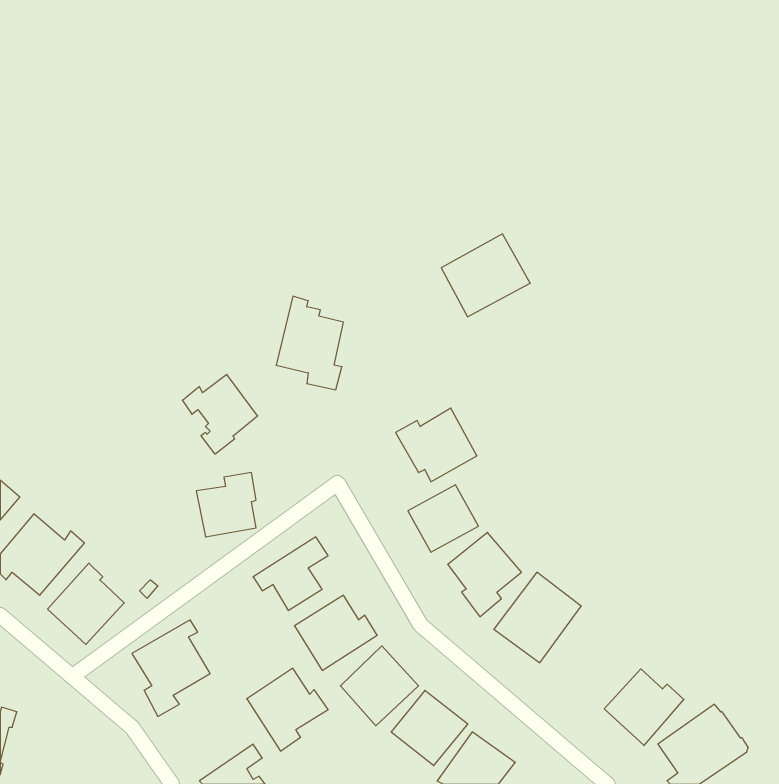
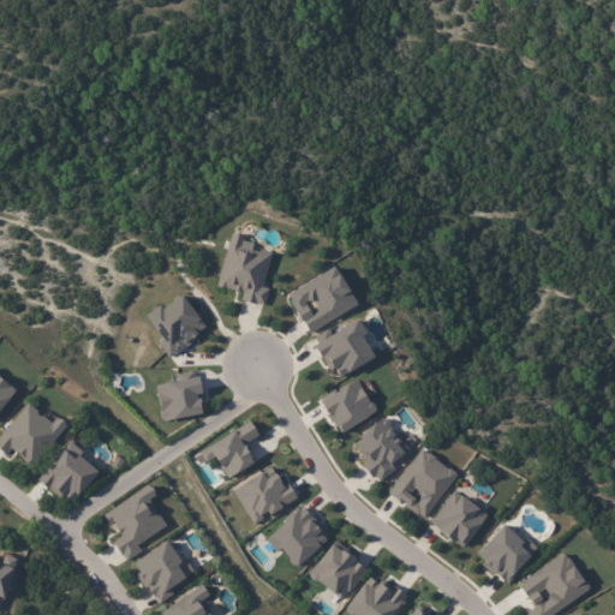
building: [441,234,530,317] -> [289,267,359,332]
building: none -> [432,490,489,547]
building: [247,668,328,751] -> [133,539,197,604]

